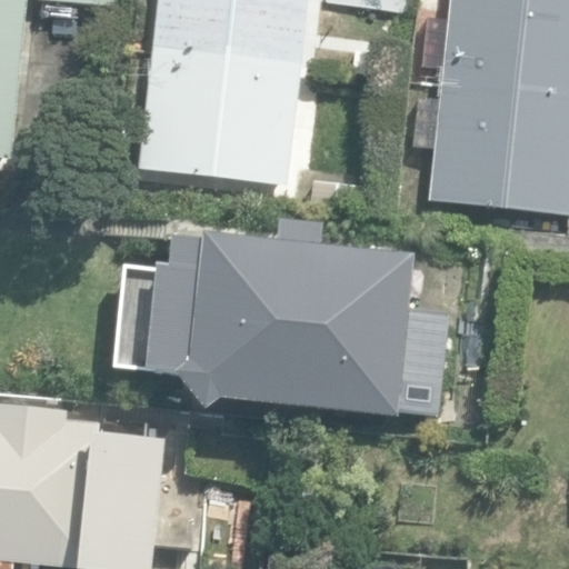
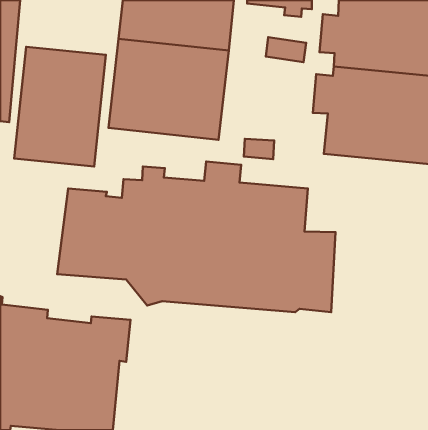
building: none -> [14,47,106,166]

